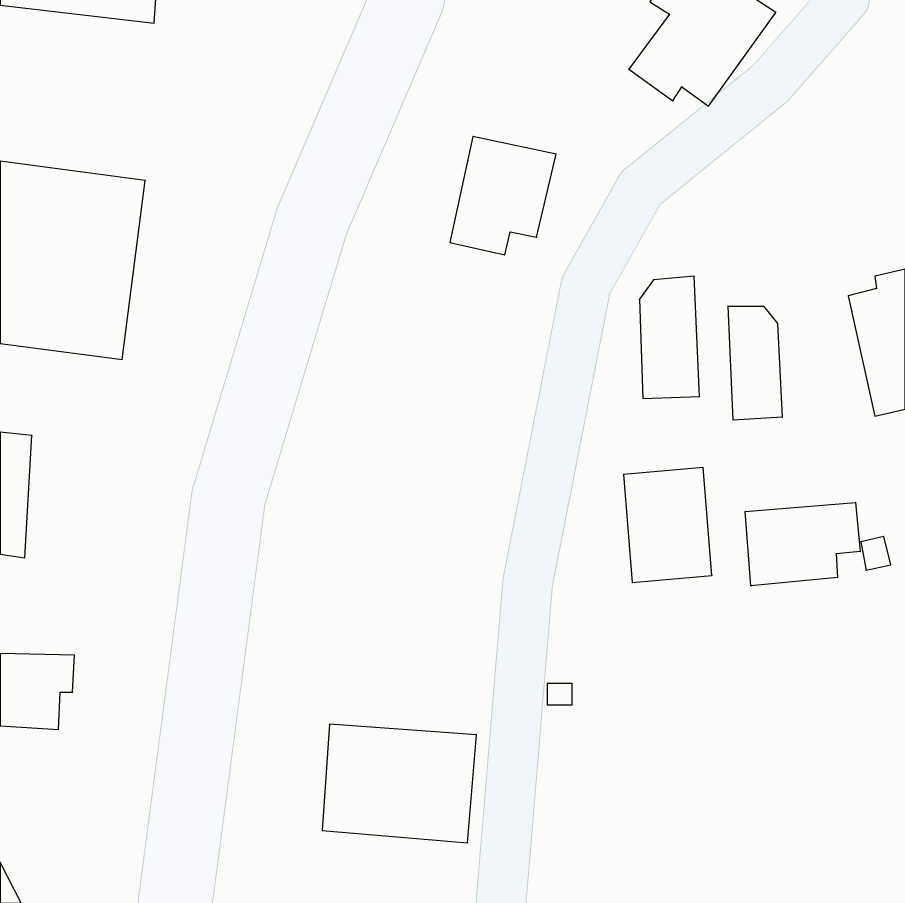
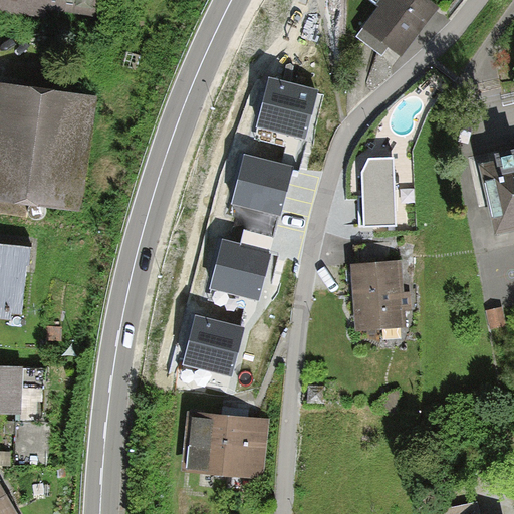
building: none -> [231,153,294,216]
building: [728,306,782,420] -> none
building: none -> [211,229,275,297]
building: [745,502,860,586] -> none
building: none -> [181,314,244,377]

